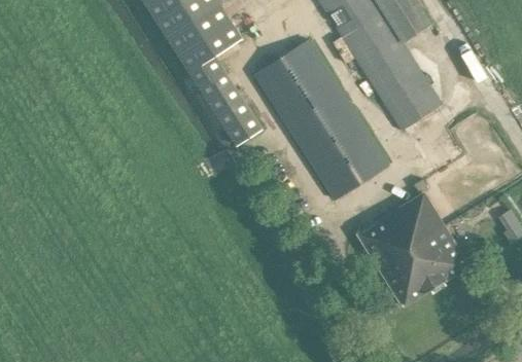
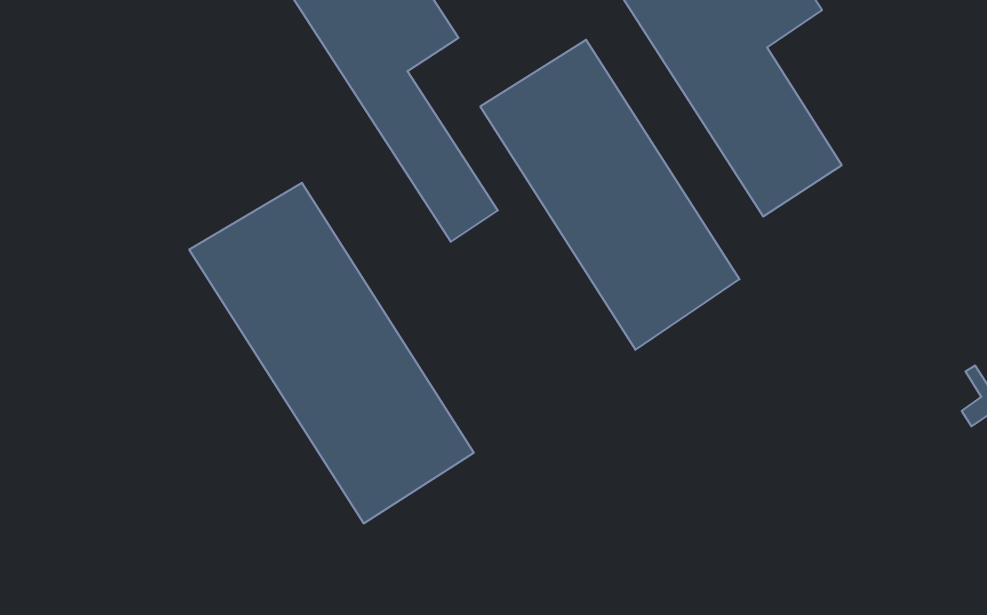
building: none -> [189,183,474,524]
building: [357,190,469,306] -> none

